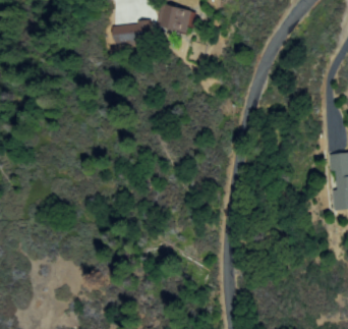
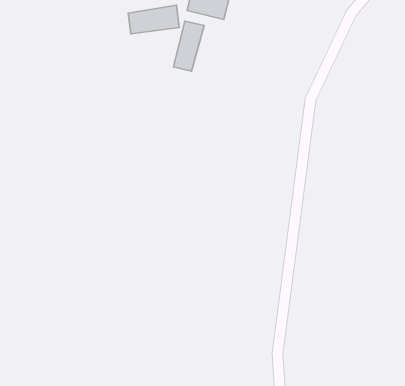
building: none -> [173,21,204,71]

